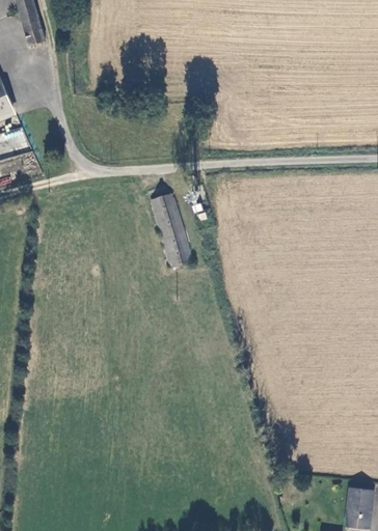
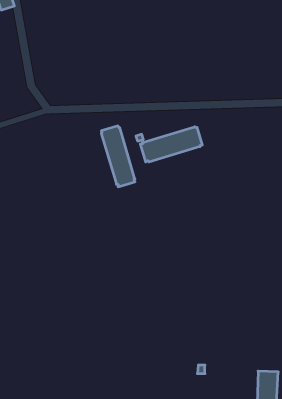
building: none -> [140,127,202,162]

